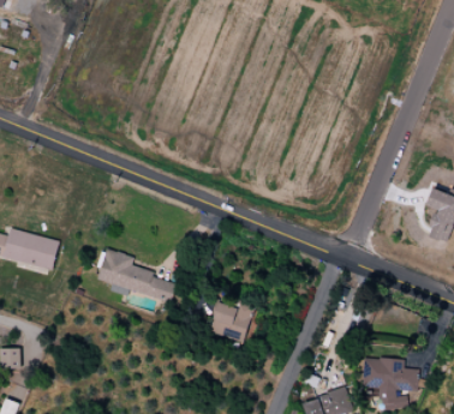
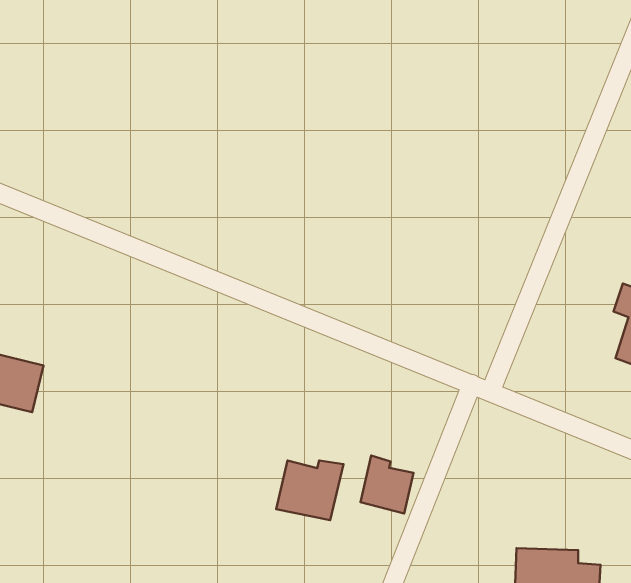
building: [97,248,175,301] -> none
building: none -> [361,455,414,513]

